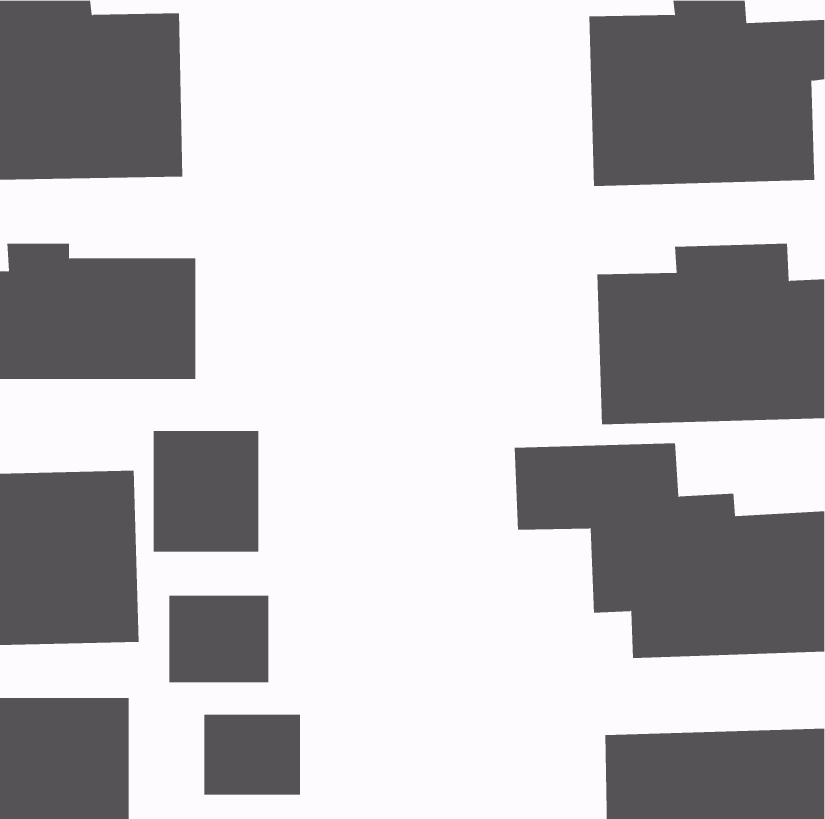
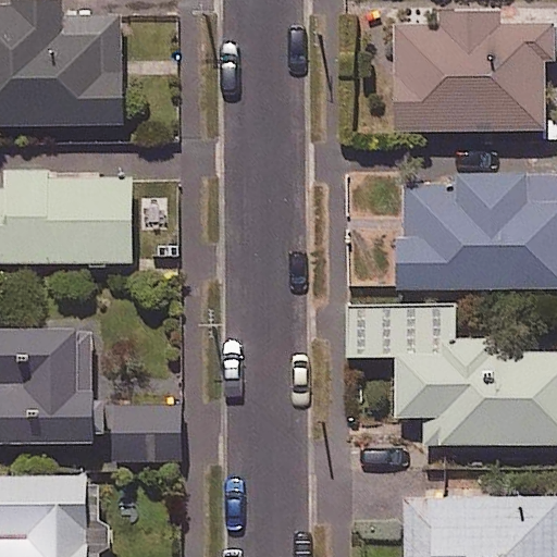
building: [153,430,259,552] -> none
building: [204,714,300,796] -> none

